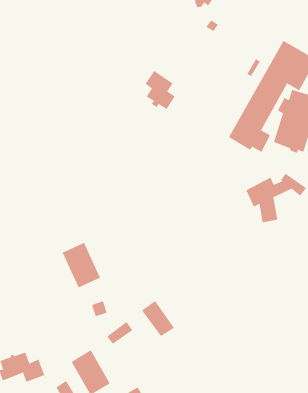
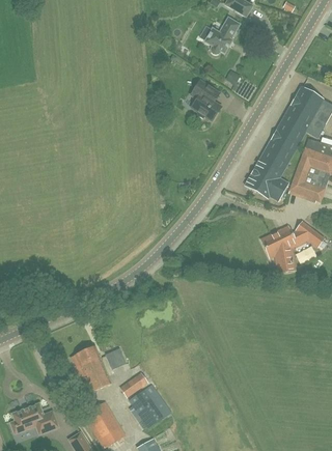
building: [145,70,175,110] -> [190,80,221,120]
building: [62,242,101,288] -> [72,346,111,393]
building: [141,300,175,337] -> [129,390,163,427]

